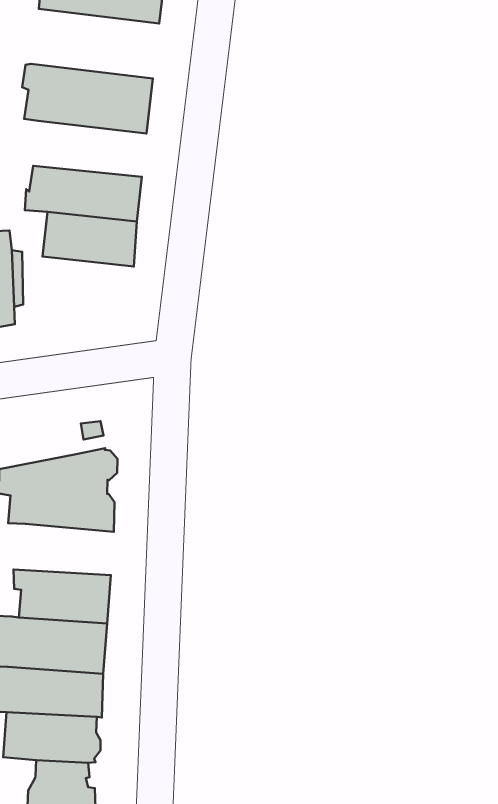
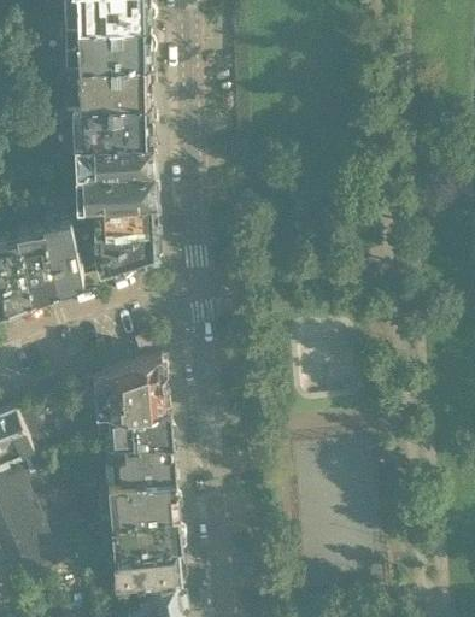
building: none -> [59,63,149,104]
building: none -> [74,140,152,174]
building: none -> [92,233,157,278]
building: none -> [95,417,171,453]

